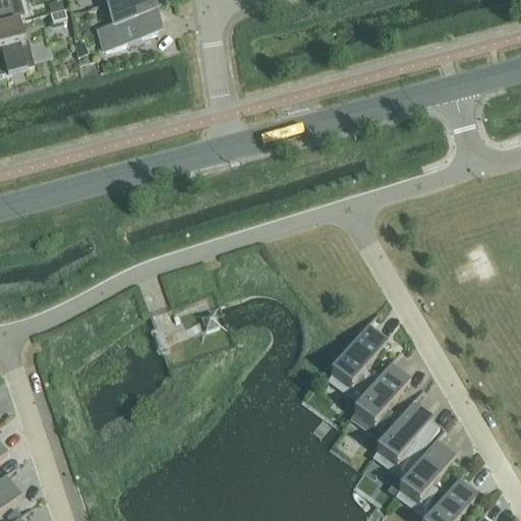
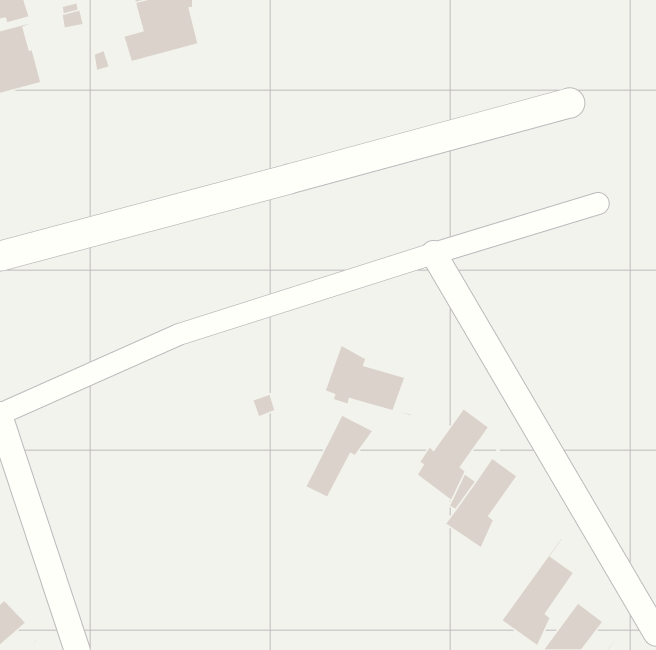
building: none -> [325,345,412,416]
building: none -> [296,415,373,507]
building: [374,387,437,472] -> none

